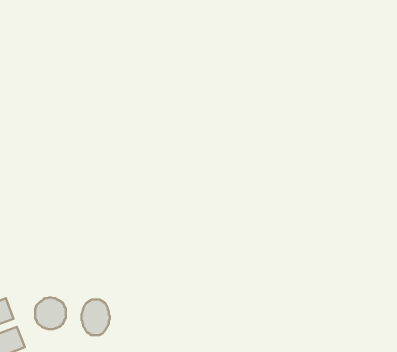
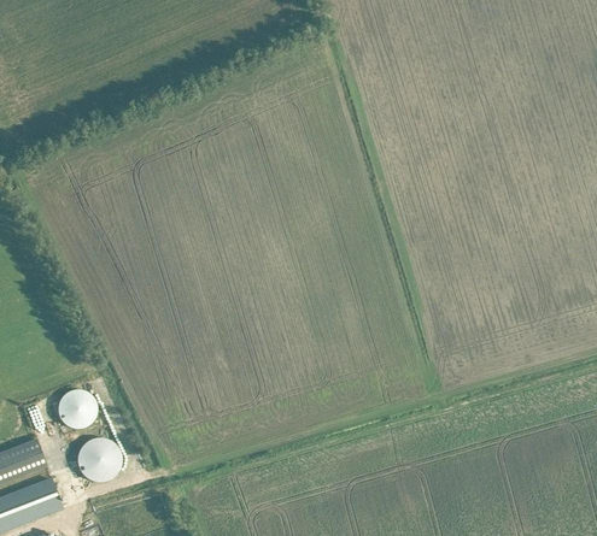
building: none -> [58,389,96,428]
building: [82,299,110,335] -> none

